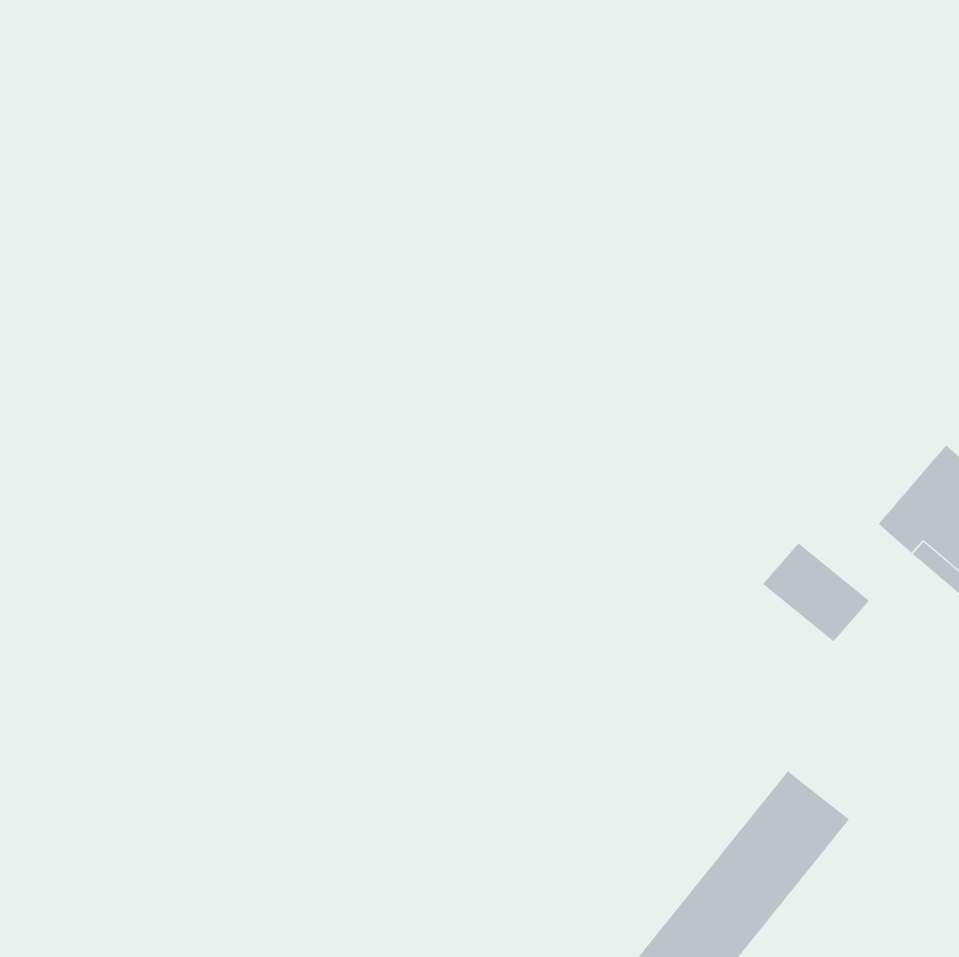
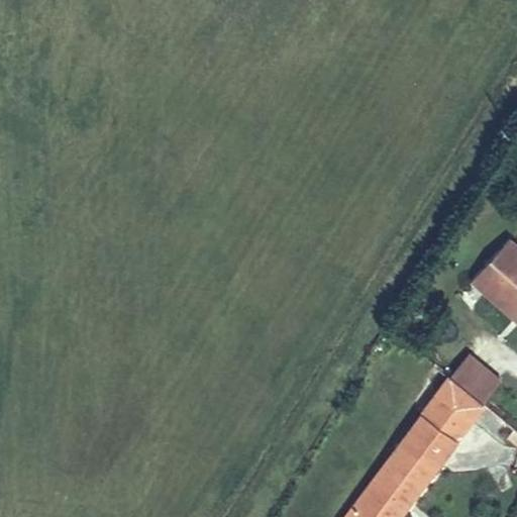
building: [762,542,870,642] -> [447,353,505,407]
building: none -> [424,396,474,442]

